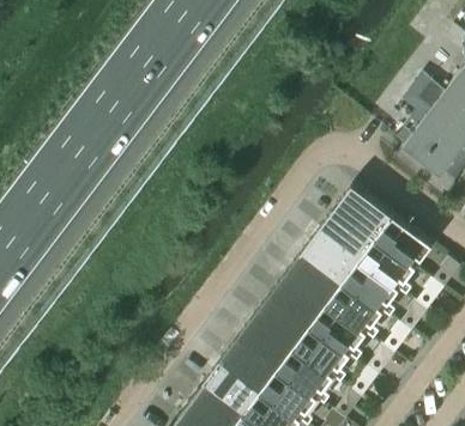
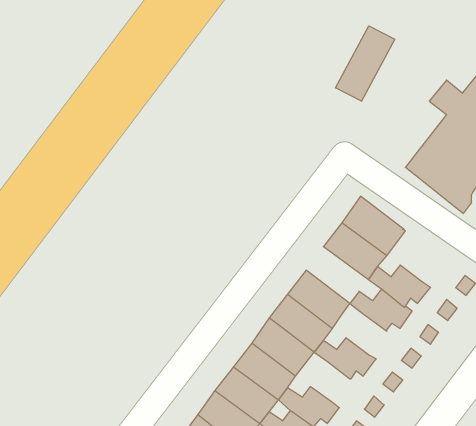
building: none -> [336,26,395,101]
building: [378,215,433,262] -> none
building: [304,230,361,281] -> none
building: [328,291,384,328] -> none
building: [295,334,351,371] -> none

